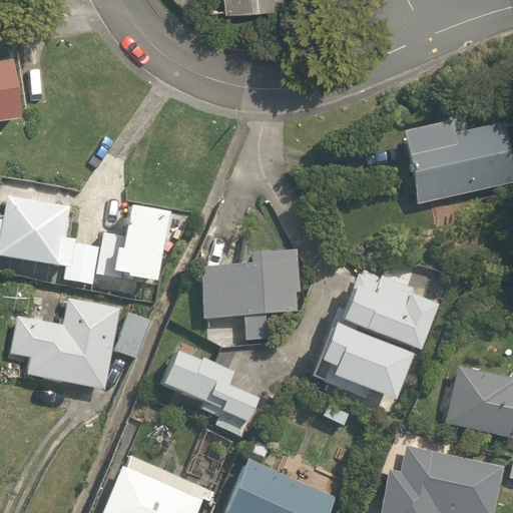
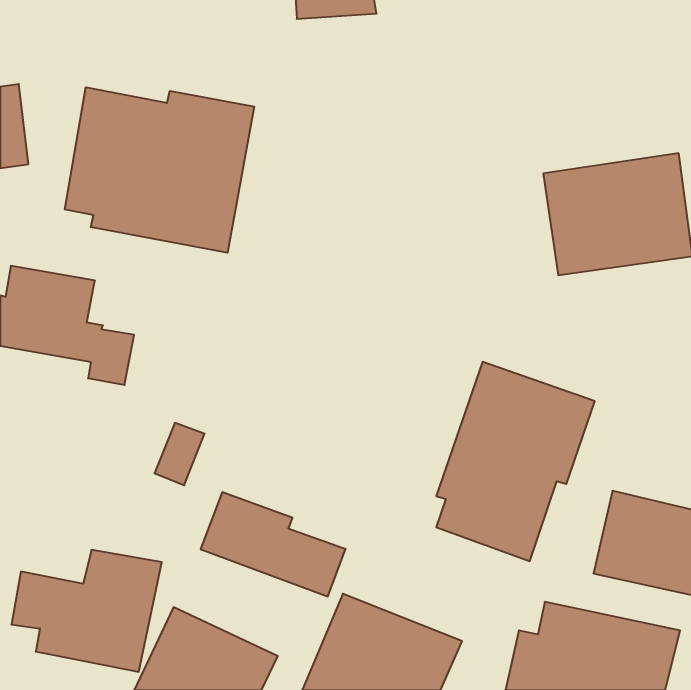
building: none -> [65,87,254,253]
building: [96,207,171,294] -> none
building: [191,224,302,342] -> none
building: [11,300,122,390] -> [11,550,162,672]

